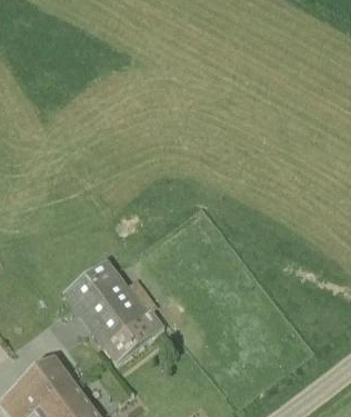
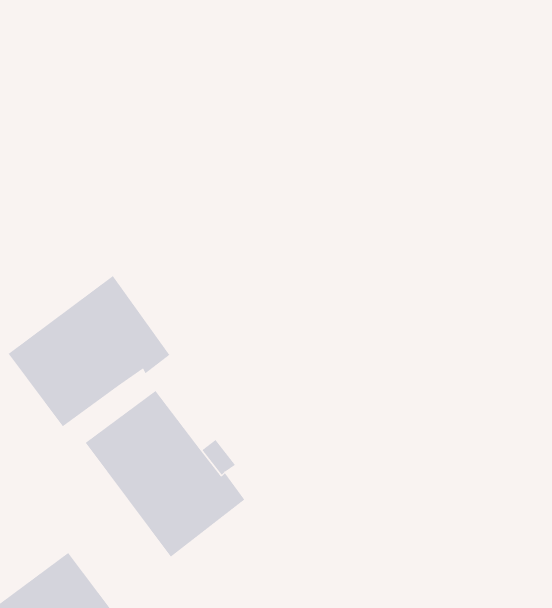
building: none -> [8,275,170,427]

